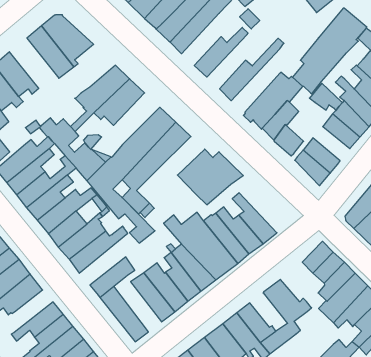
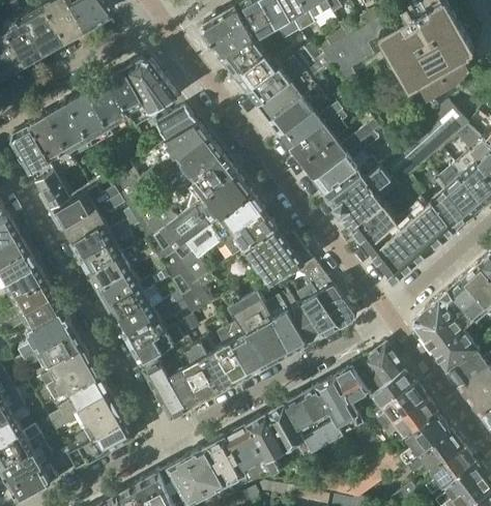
building: none -> [269,87,327,138]
building: none -> [292,114,347,167]
building: none -> [88,81,134,130]
building: none -> [314,135,379,196]
building: none -> [156,109,198,143]
building: none -> [185,158,237,209]
building: none -> [367,203,399,236]
building: none -> [394,224,431,263]
building: none -> [222,212,278,259]
building: none -> [299,262,353,328]
building: none -> [124,303,187,352]
building: none -> [336,368,369,405]
building: none -> [158,349,203,411]
building: none -> [41,349,92,389]
building: none -> [299,389,336,431]

